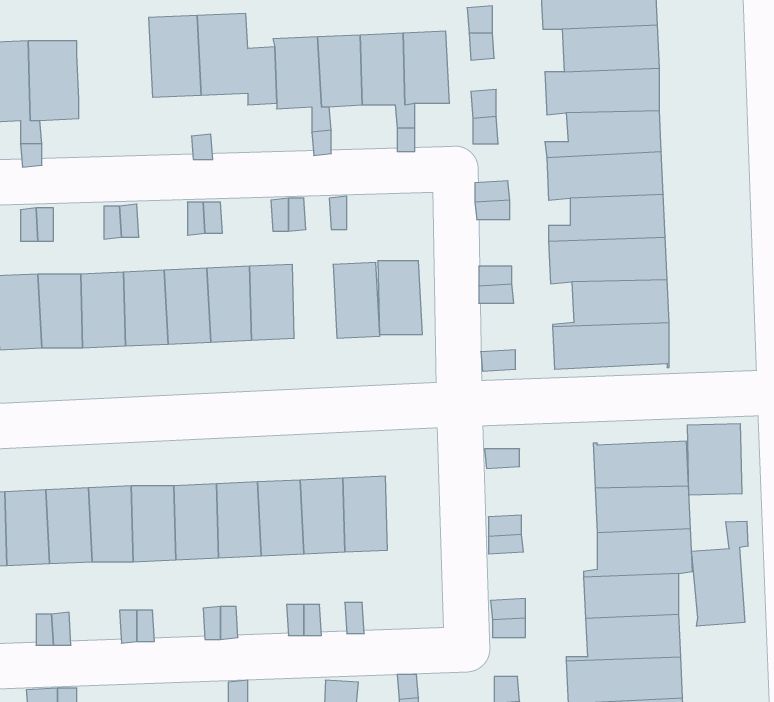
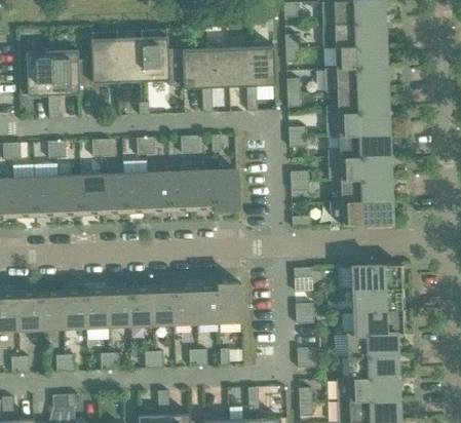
building: none -> [78,39,118,82]
building: [378,261,422,335] -> [192,169,216,208]
building: [687,424,742,495] -> none
building: [691,521,748,626] -> none

